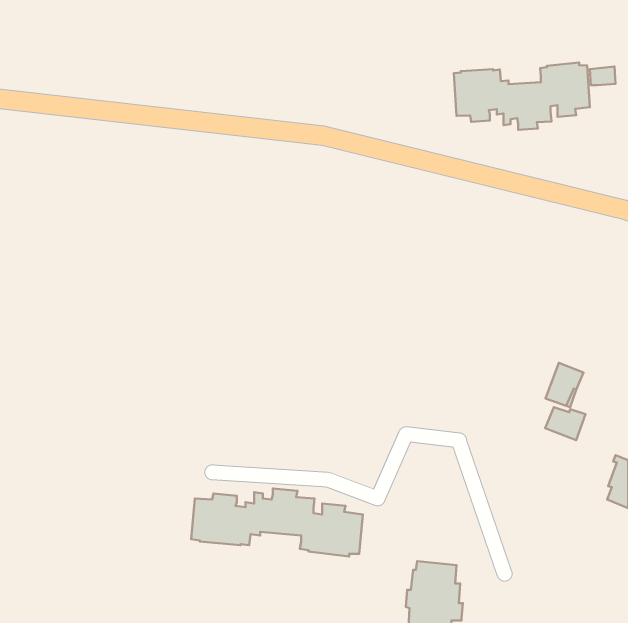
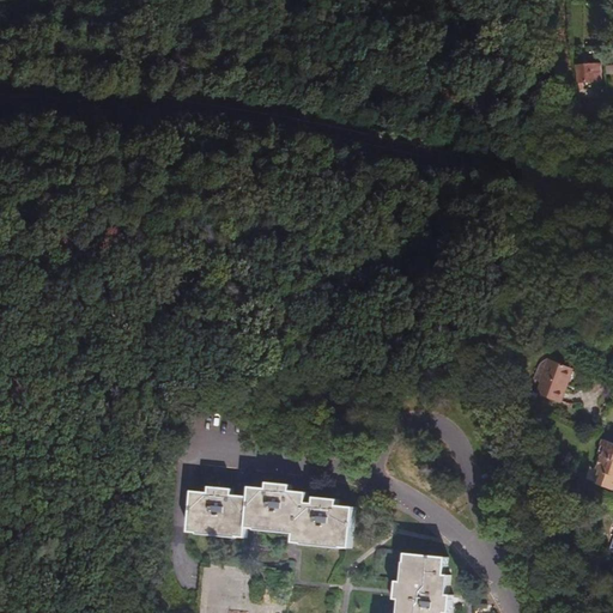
building: [454,63,590,130] -> none
building: [545,407,586,440] -> none

